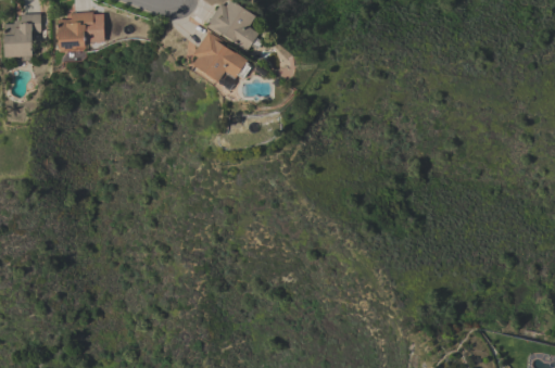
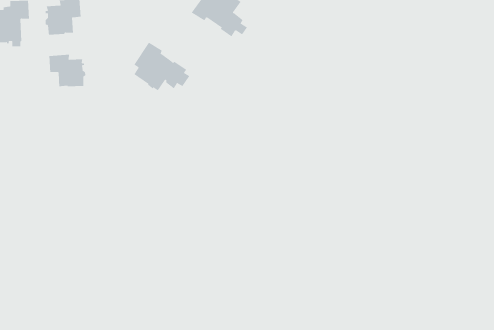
building: [192,31,250,81] -> [133,42,190,91]
building: none -> [49,54,86,87]

